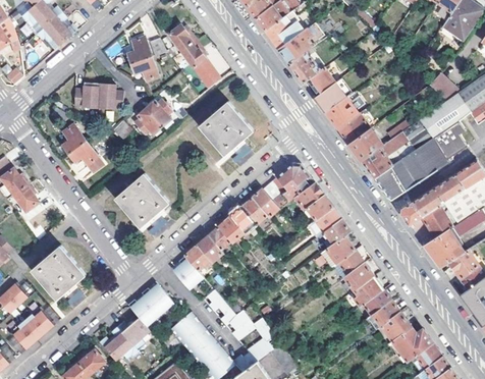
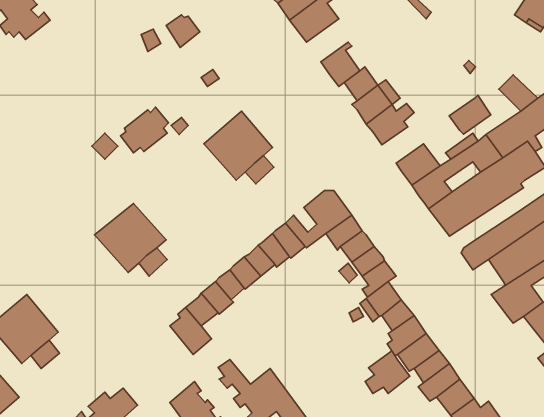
building: [279,22,326,63] -> none
building: [126,38,159,83] -> none
building: [180,40,206,69] -> none
building: [73,84,122,109] -> none
building: [338,112,371,143] -> [449,95,491,134]
building: [61,125,102,172] -> none
building: [128,283,175,327] -> none
building: none -> [365,351,410,394]

